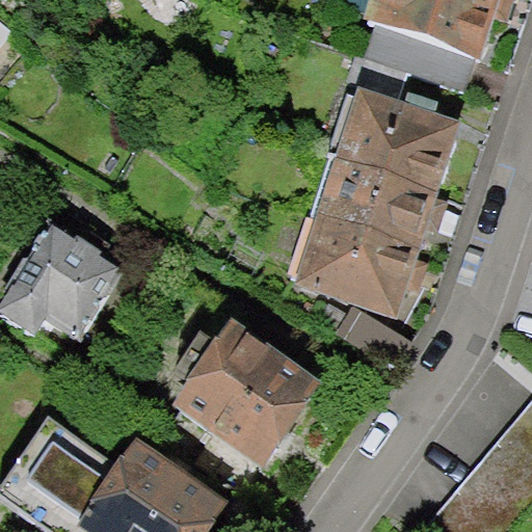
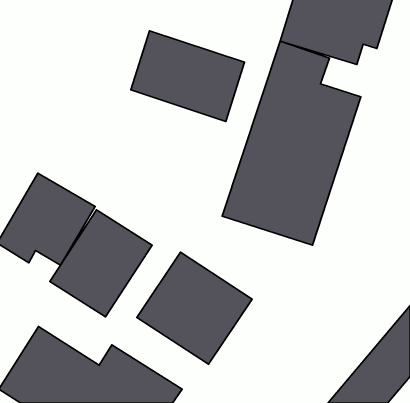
building: none -> [131,31,244,121]
building: none -> [50,210,152,317]

